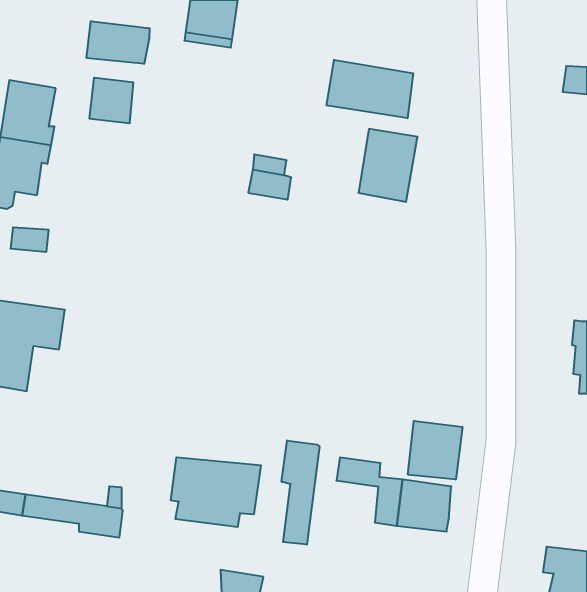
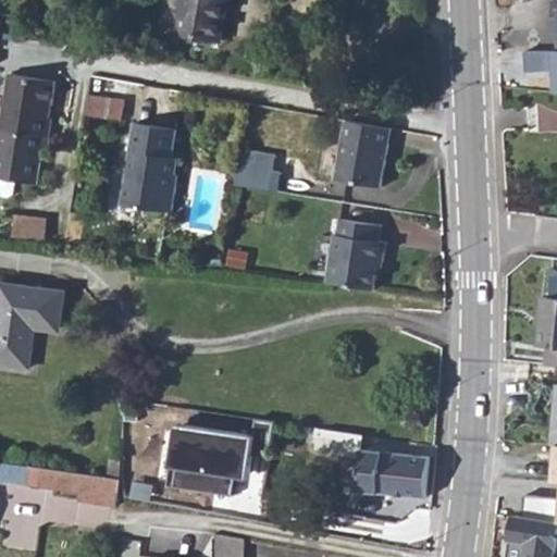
building: [87,21,149,64] -> none
building: [326,60,413,118] -> none
building: none -> [120,123,175,212]
building: none -> [325,220,387,292]
building: [408,421,462,480] -> none
building: [282,440,319,545] -> none

